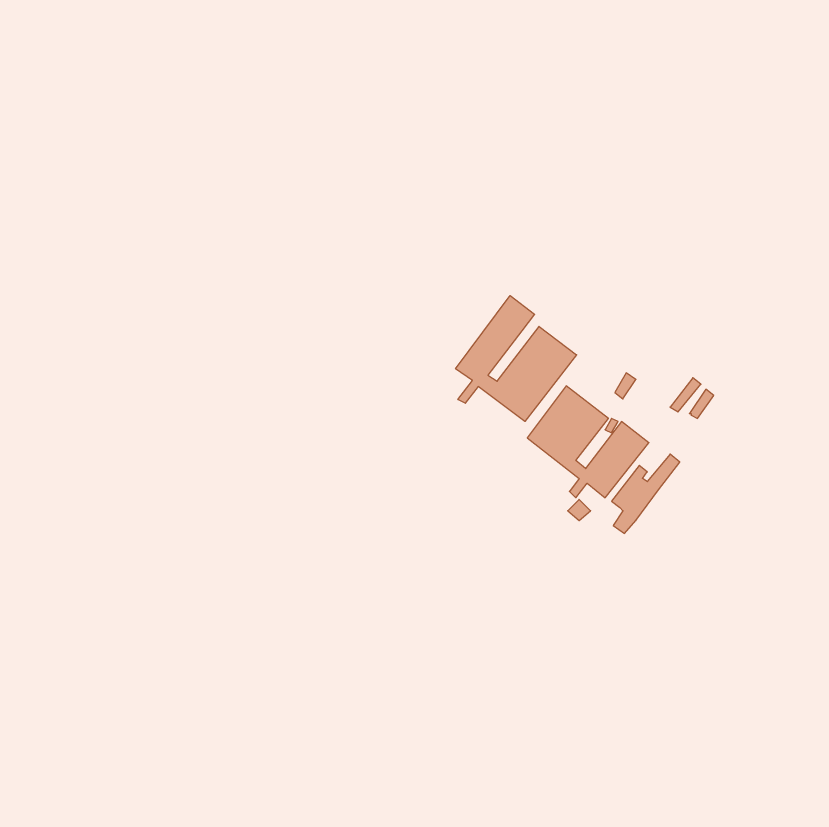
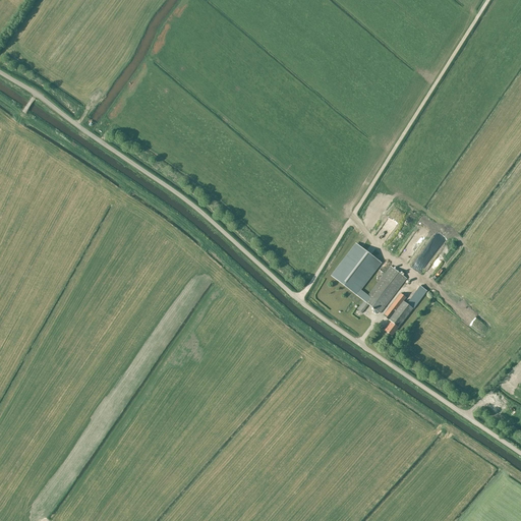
building: [456,296,577,421] -> none

